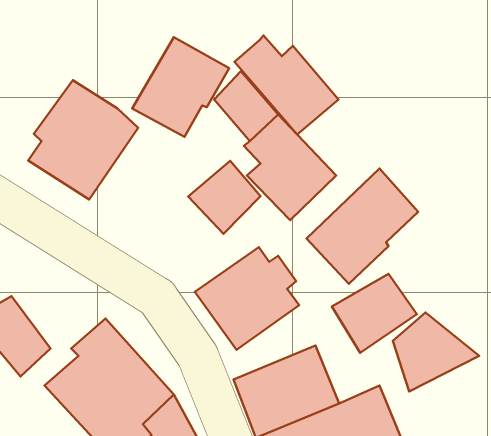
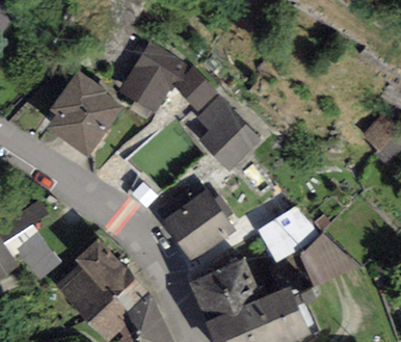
building: [235,35,339,134] -> none
building: [188,161,261,234] -> none
building: [306,168,418,284] -> none

